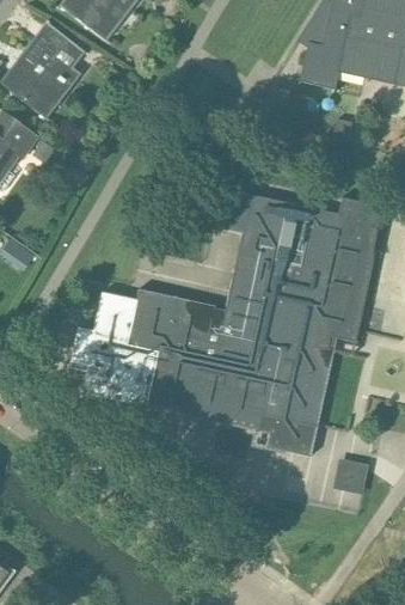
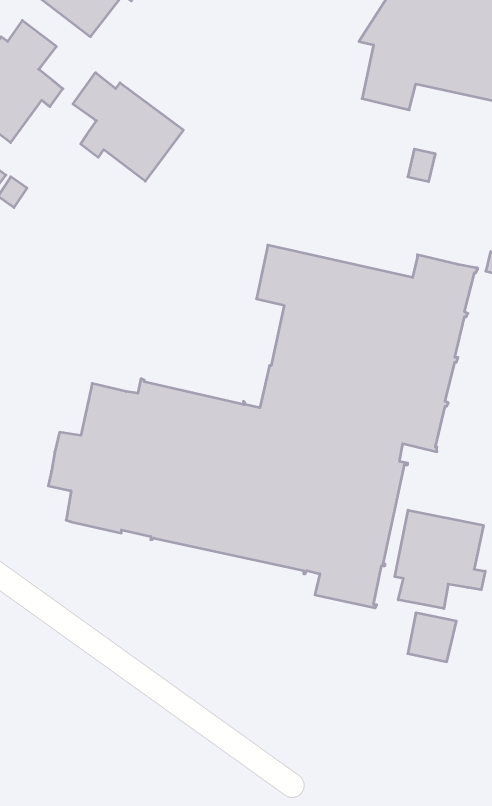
building: none -> [73,73,183,181]
building: none -> [395,510,485,609]

